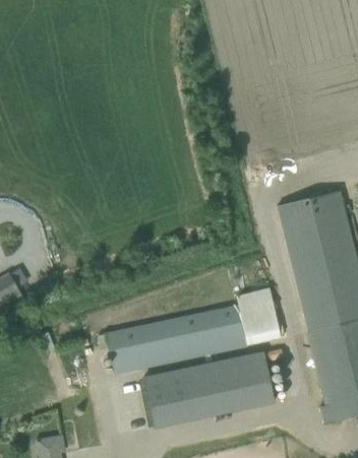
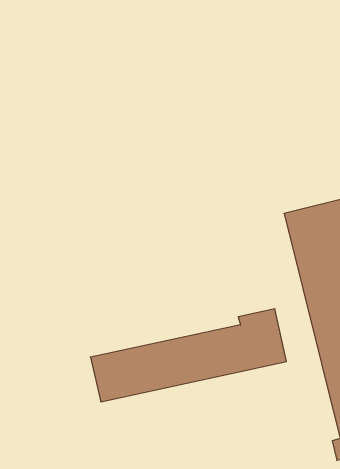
building: [142,350,274,427] -> none

